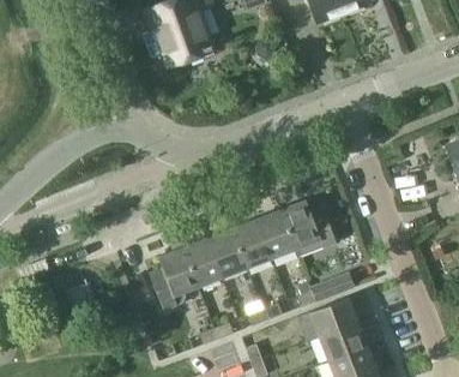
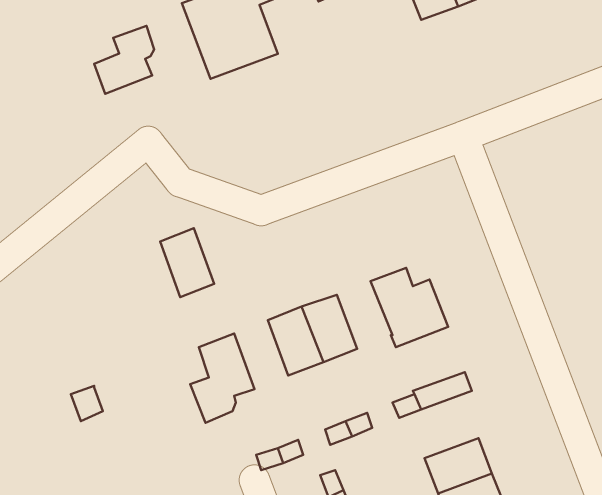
building: none -> [94,26,154,94]
building: [256,210,296,258] -> none
building: [183,238,222,287] -> [160,228,214,297]
building: [309,298,357,336] -> none

